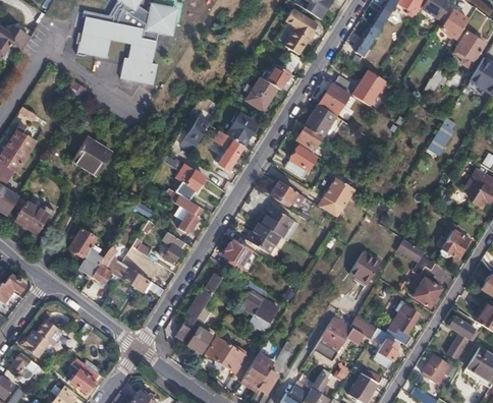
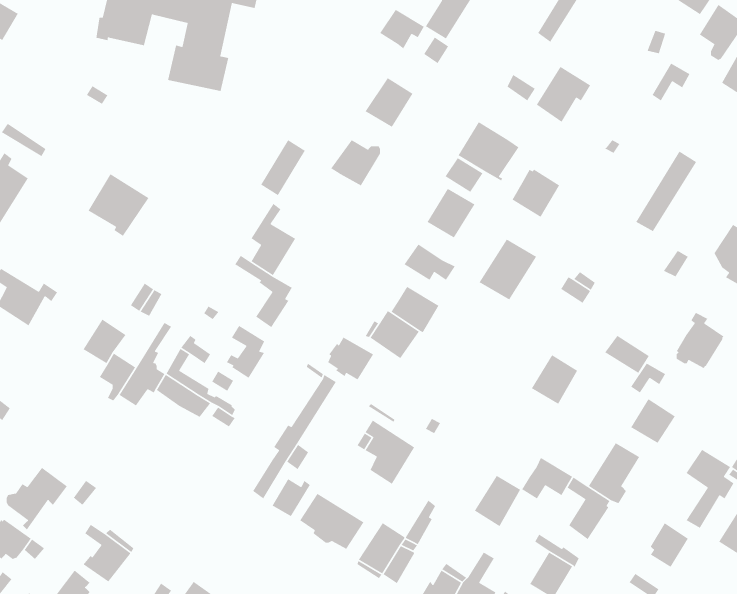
building: [265,65,293,91] -> [379,9,425,49]
building: [317,84,347,115] -> [511,169,560,218]
building: [217,138,243,170] -> none

